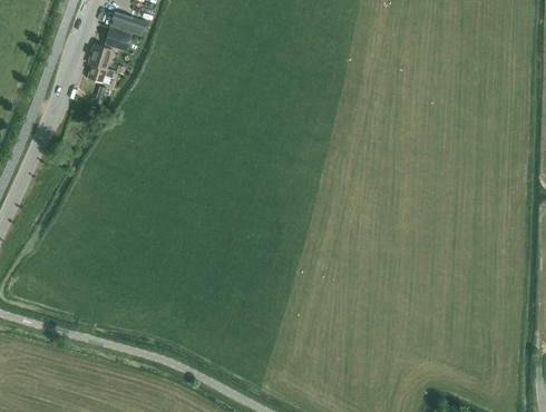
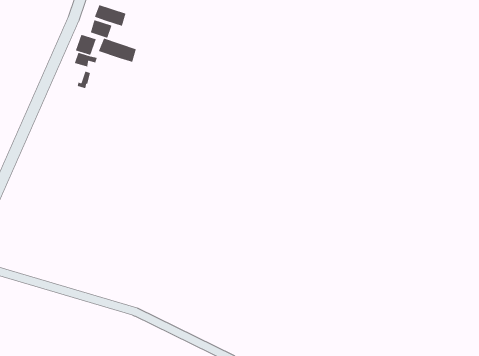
building: none -> [98,37,137,63]

